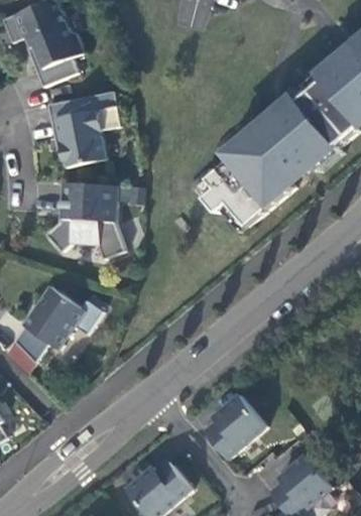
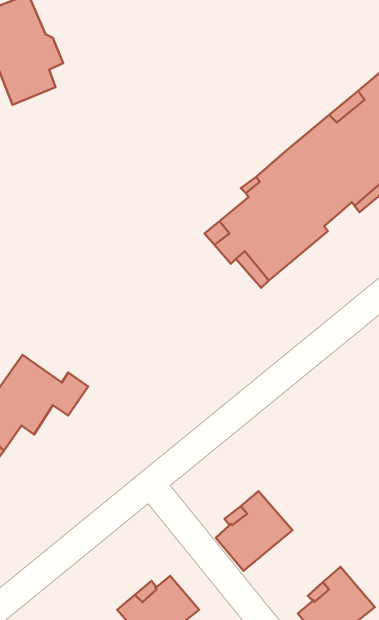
building: [48,90,121,166] -> none
building: [46,181,126,258] -> none

